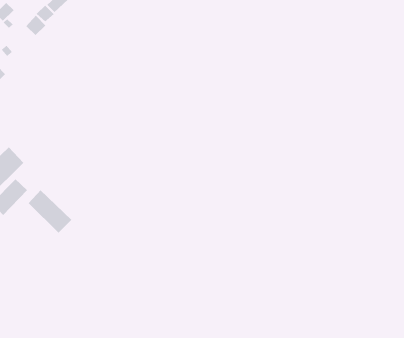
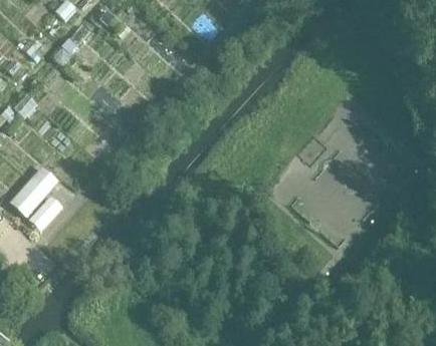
building: [28,190,72,233] -> none

